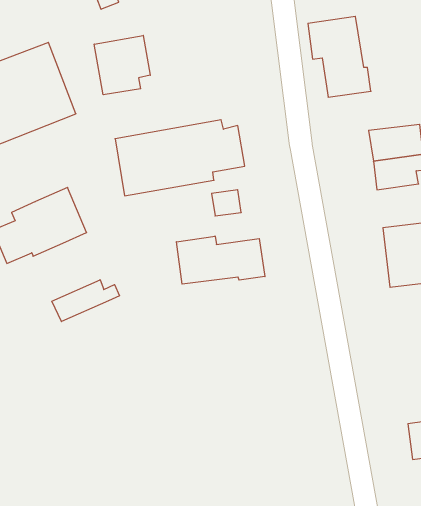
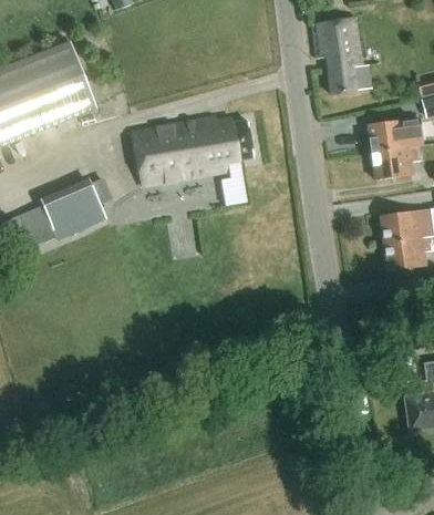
building: [94,35,150,95] -> none
building: [176,236,265,284] -> none
building: [52,280,119,322] -> none

